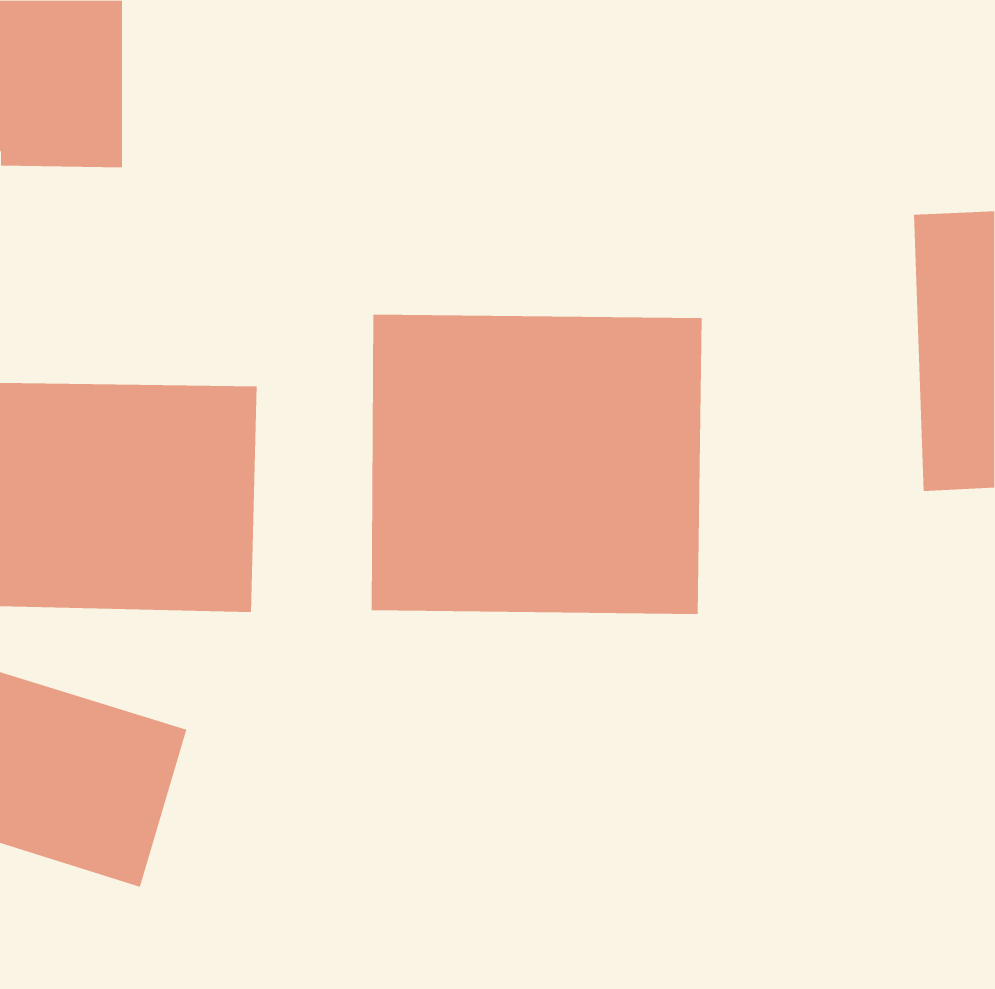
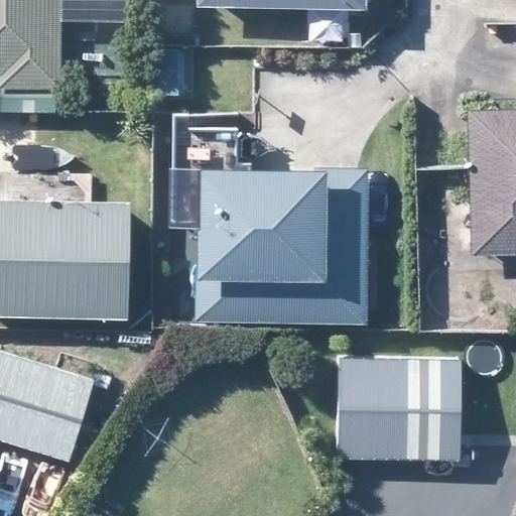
building: none -> [334,361,454,416]

